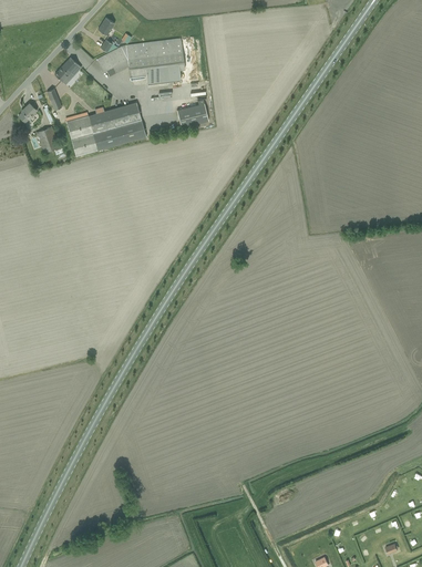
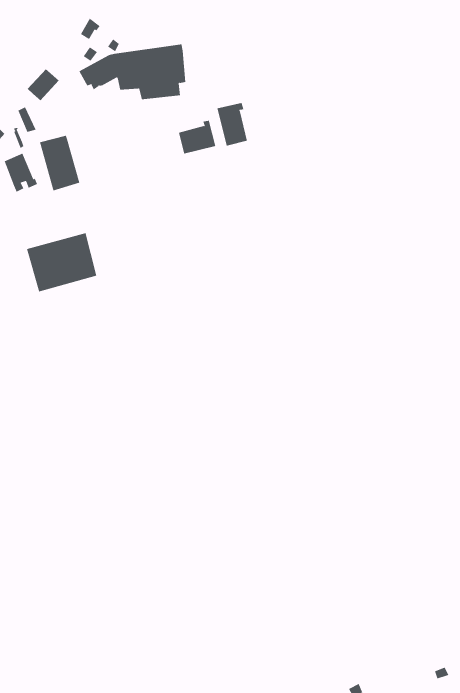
building: none -> [217,102,247,146]
building: [89,102,146,151] -> [26,232,97,292]

